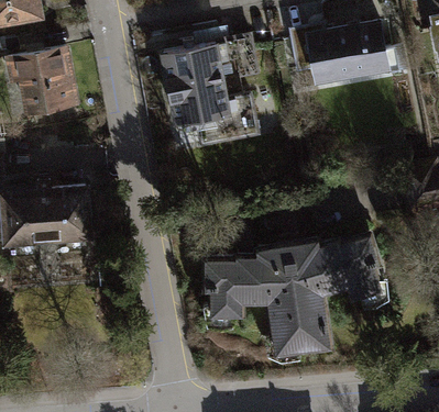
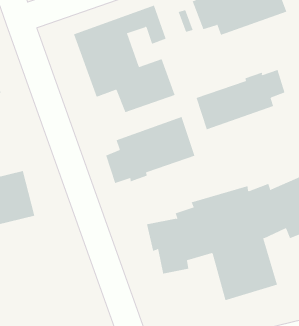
building: none -> [196,69,285,130]
building: none -> [106,116,195,184]

